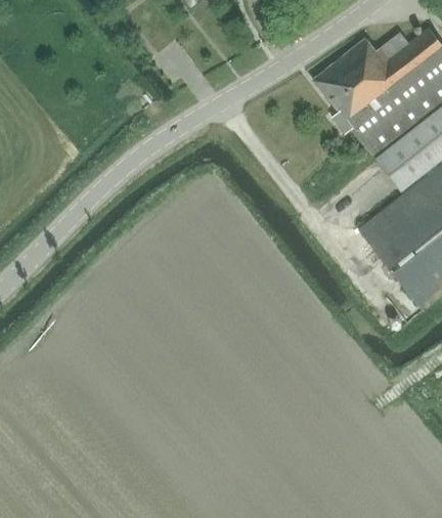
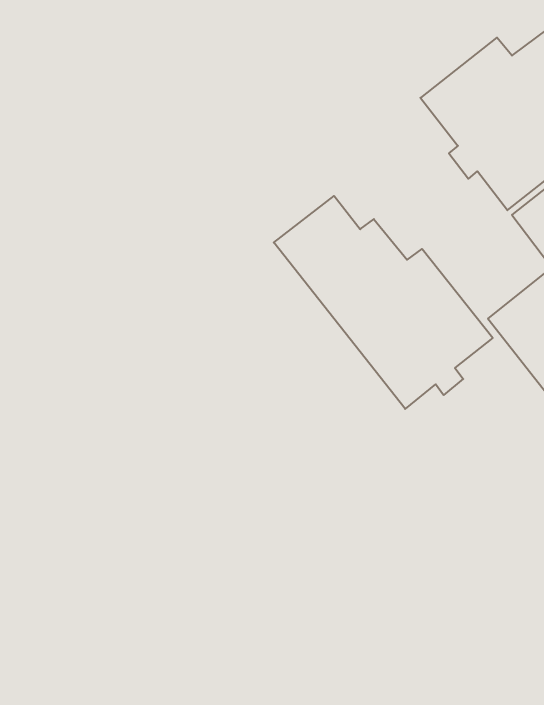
building: none -> [274,196,493,409]

